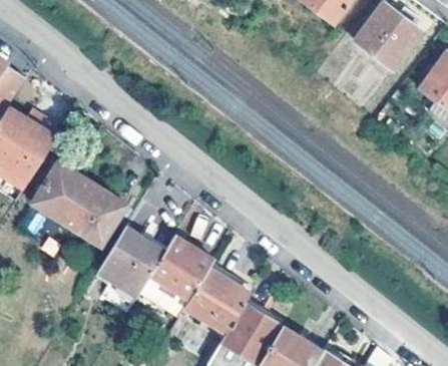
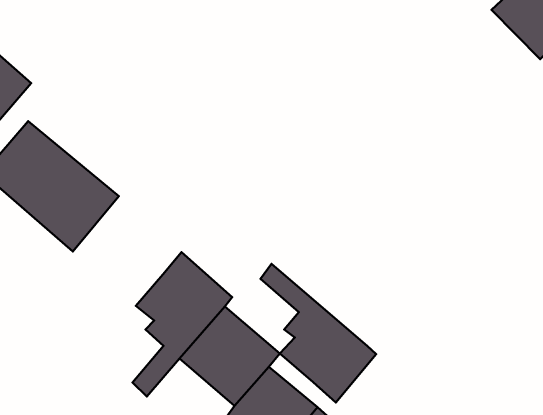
building: [97,228,164,312] -> none
building: none -> [261,264,376,403]

